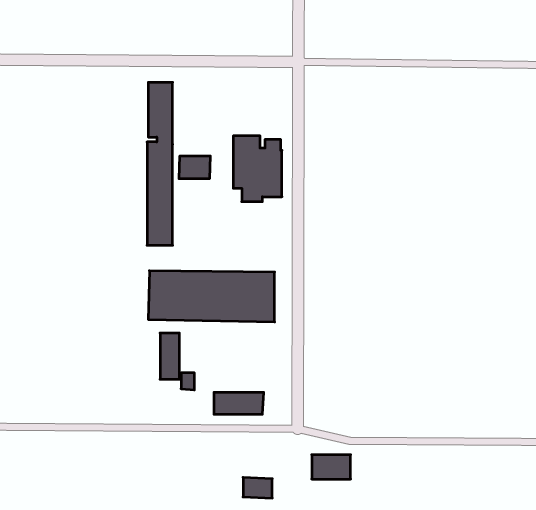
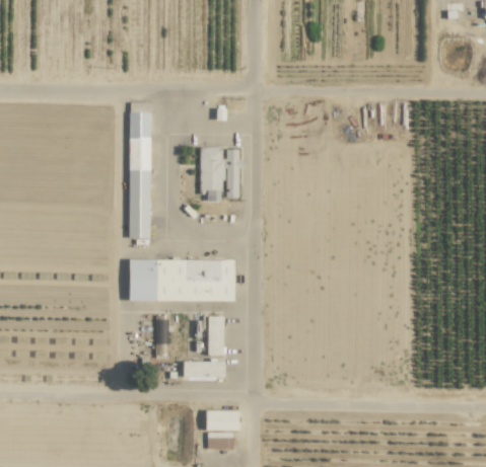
building: [179,156,210,179] -> none
building: [160,333,179,379] -> [208,316,224,355]
building: [312,455,351,479] -> [206,410,238,431]

